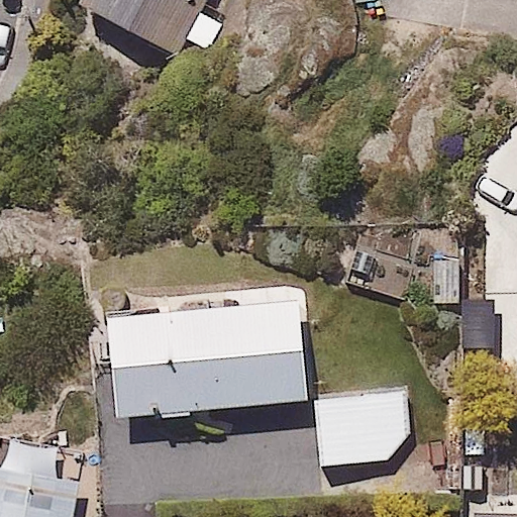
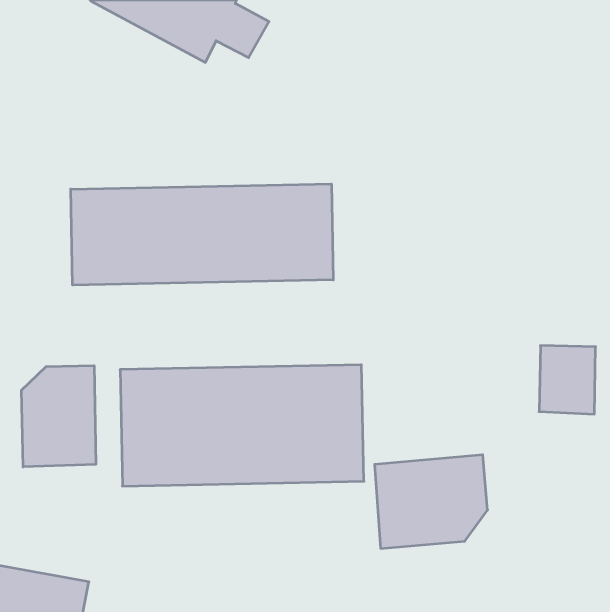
building: none -> [71,184,333,285]
building: none -> [21,366,96,467]

